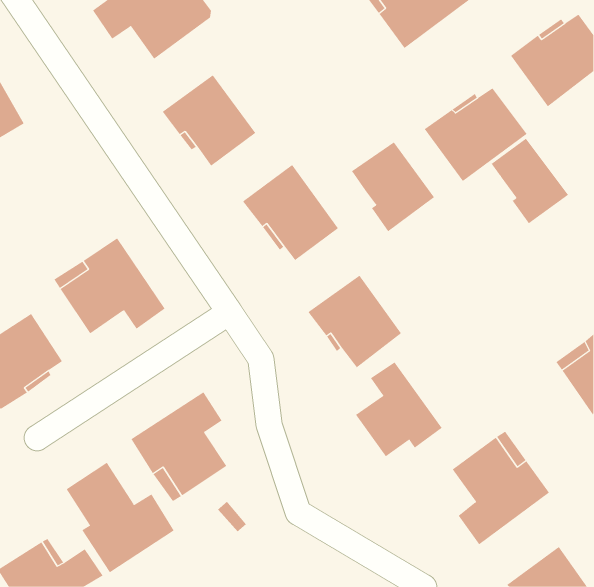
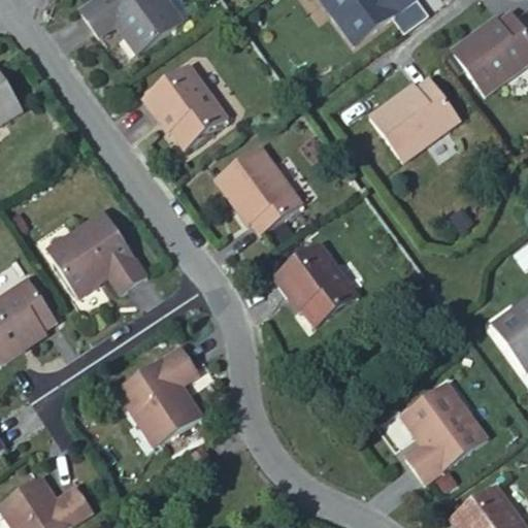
building: [491,138,569,224] -> none
building: [351,142,435,232] -> none
building: [355,361,443,457] -> none
building: [66,462,175,573] -> none

